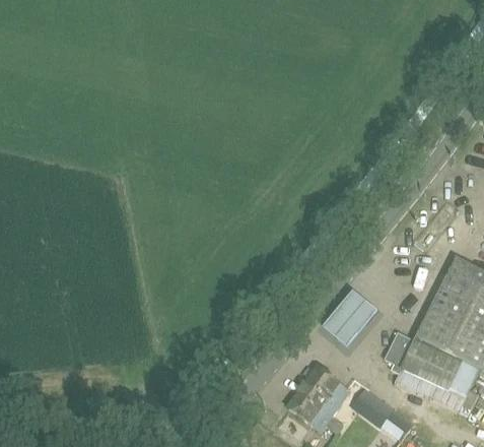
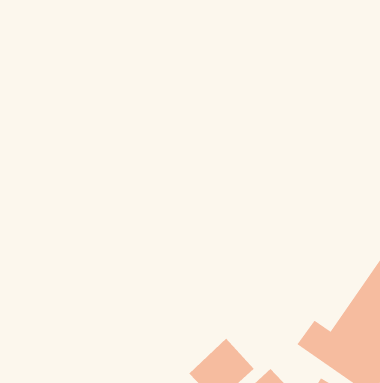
building: [326,291,382,346] -> none

